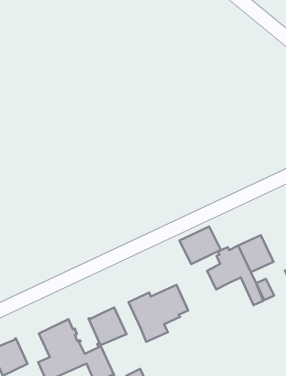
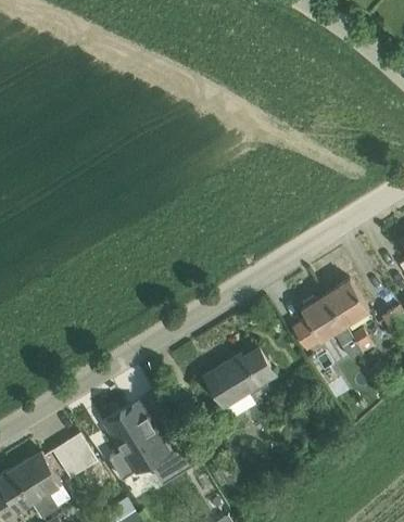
building: [180,226,221,264] -> none
building: [88,307,126,345] -> none

